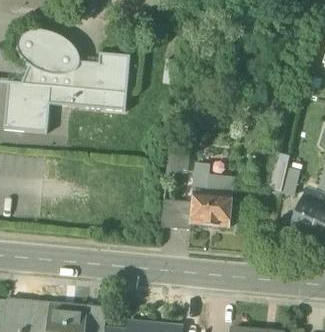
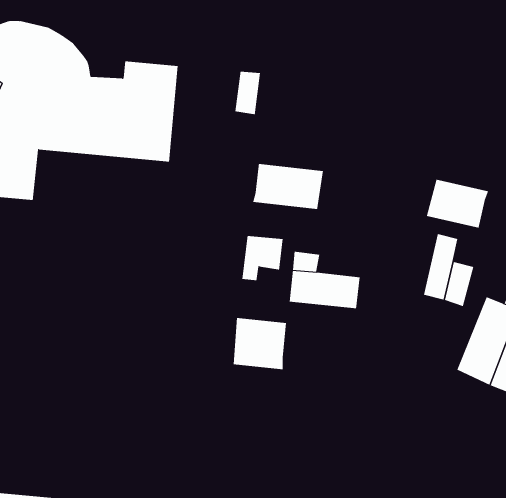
building: none -> [252,163,324,210]
building: none -> [426,179,489,229]
building: [190,189,232,225] -> none

